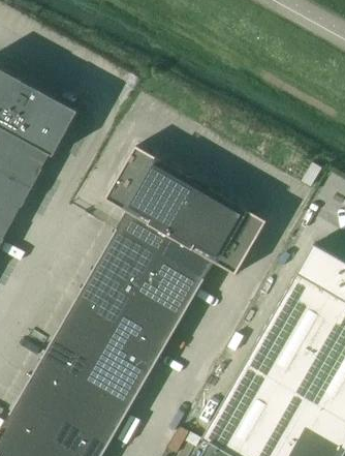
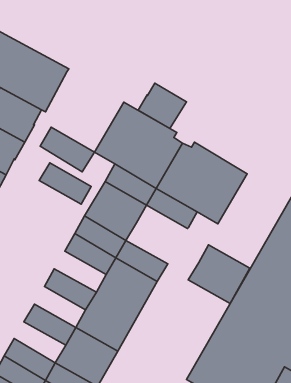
building: none -> [138,83,187,129]
building: none -> [40,127,94,172]
building: [137,254,202,316] -> [188,245,250,303]
building: [62,303,117,346] -> [39,163,91,204]
building: [41,340,95,384] -> none
building: [20,377,74,421] -> none

